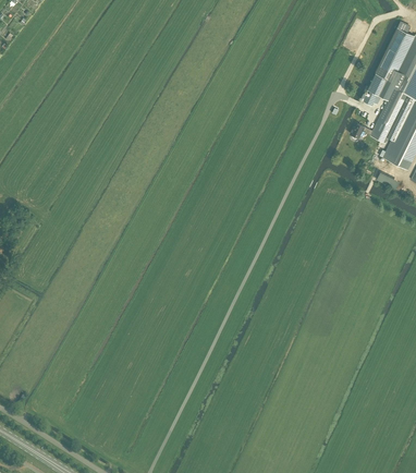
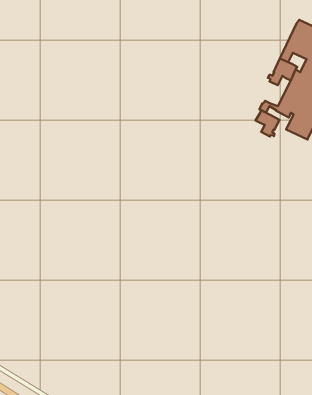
building: none -> [255,110,280,136]

